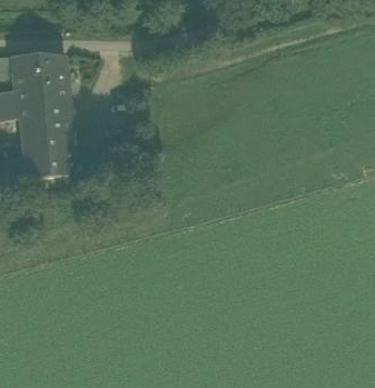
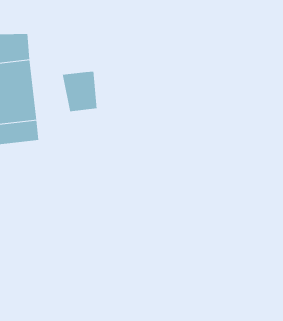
building: none -> [62,71,97,112]

